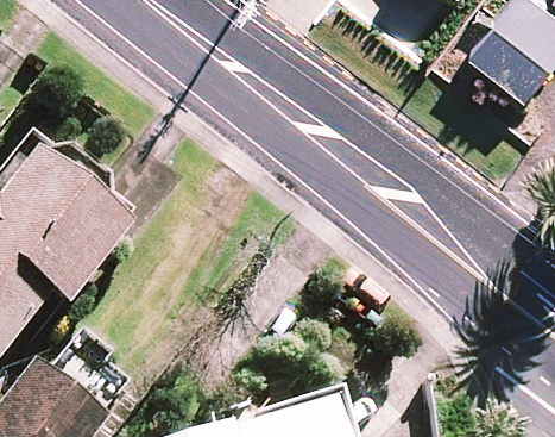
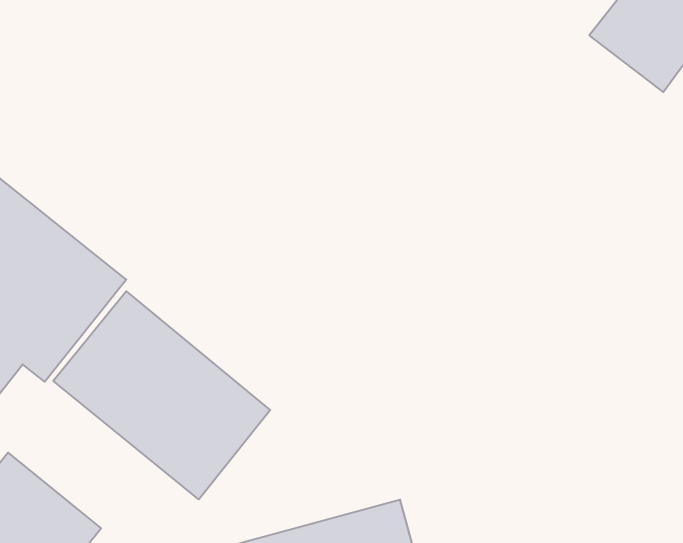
building: none -> [53,291,270,499]

